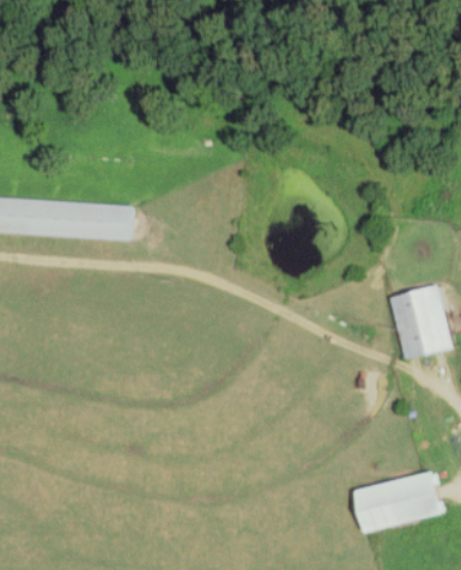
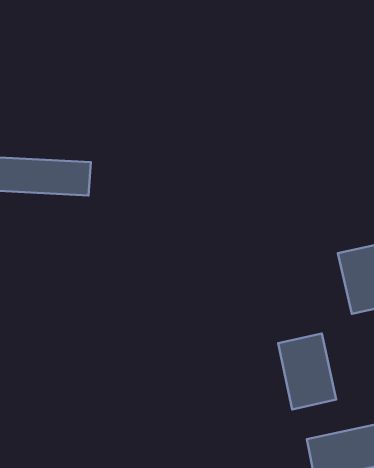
building: none -> [278,333,336,409]

